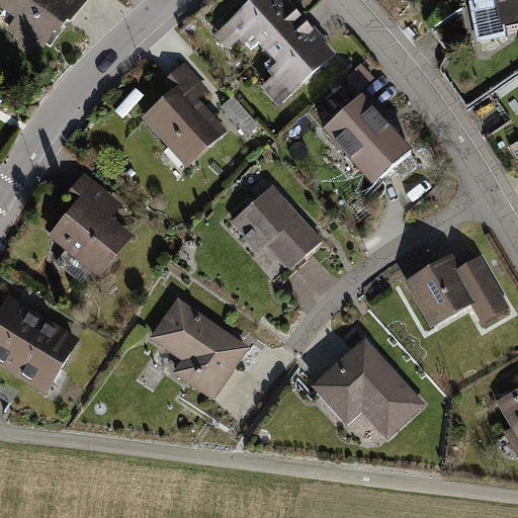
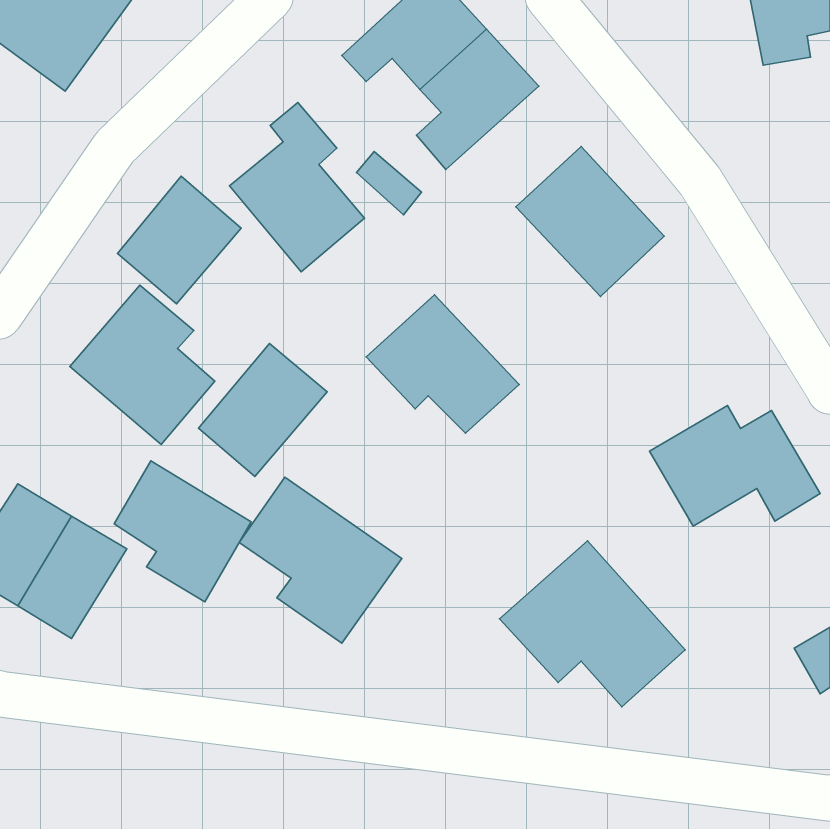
building: none -> [117,176,241,304]
building: none -> [198,344,327,477]
building: none -> [114,461,251,602]

